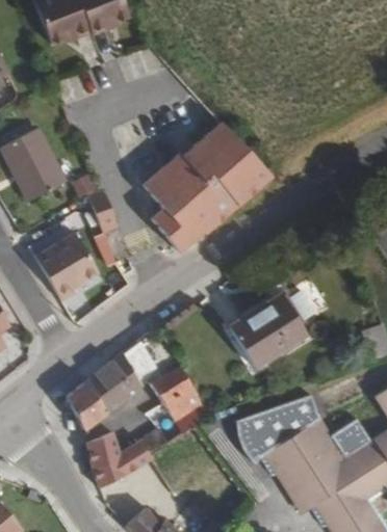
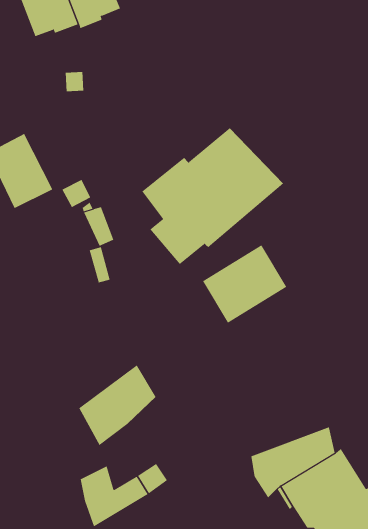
building: [34,233,98,301] -> none
building: [228,295,305,367] -> [202,245,287,324]
building: [151,367,204,434] -> none
building: [64,380,104,431] -> none

